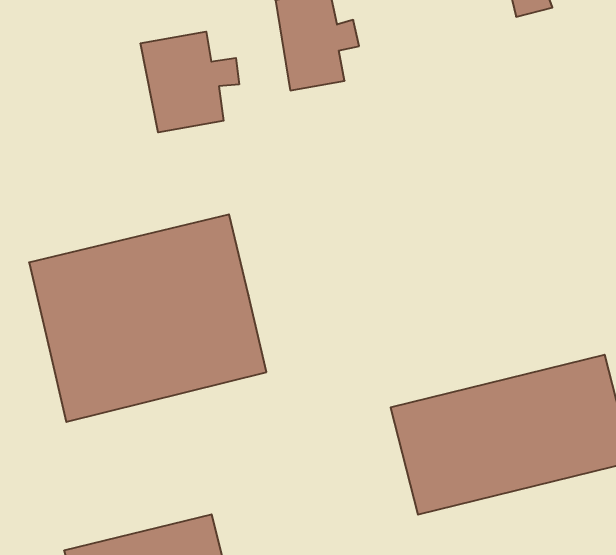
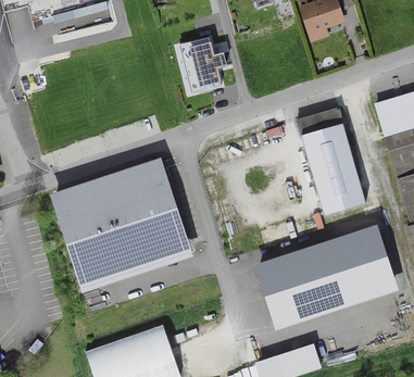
building: [141,32,239,132] -> none
building: none -> [296,108,363,209]

